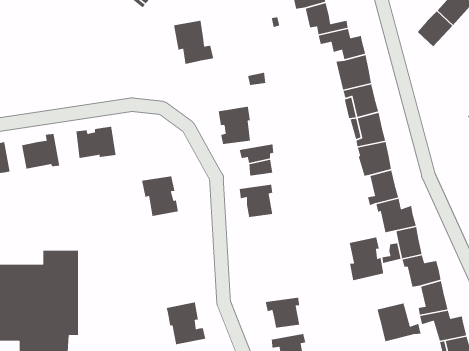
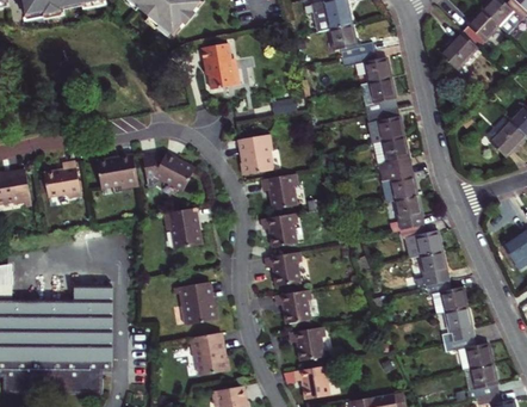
building: none -> [143,150,194,187]
building: none -> [265,249,300,283]
building: [349,236,384,281] -> none
building: none -> [176,280,217,325]
building: none -> [274,288,308,321]
building: [376,303,422,342] -> none

